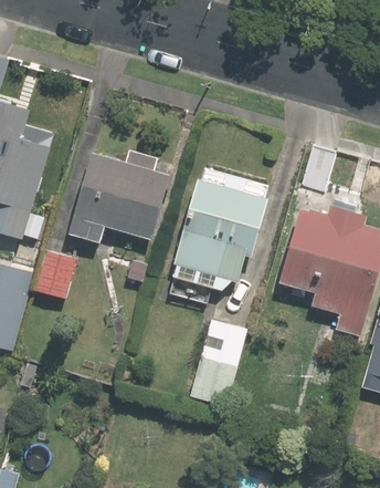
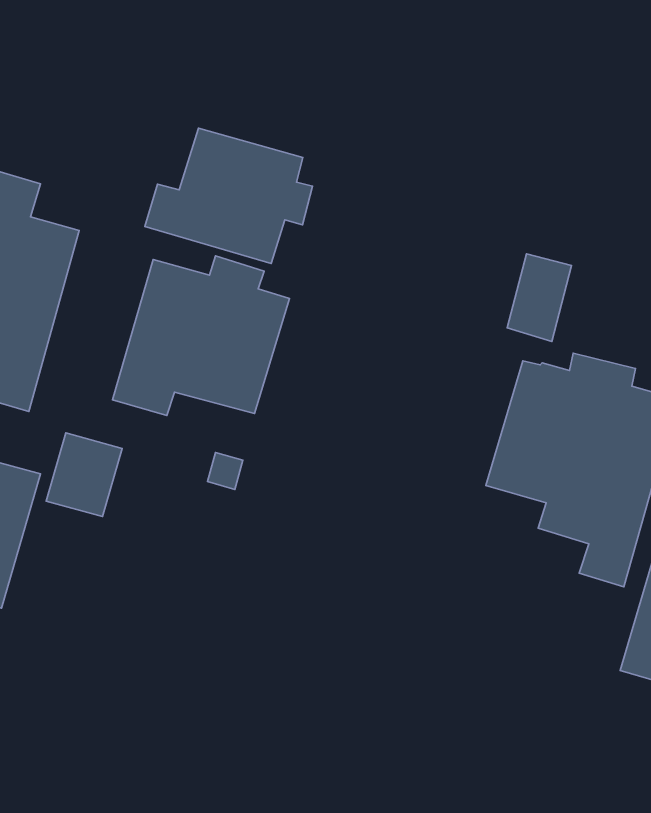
building: none -> [145,128,313,264]
building: [176,167,268,289] -> none
building: [188,321,246,407] -> none

